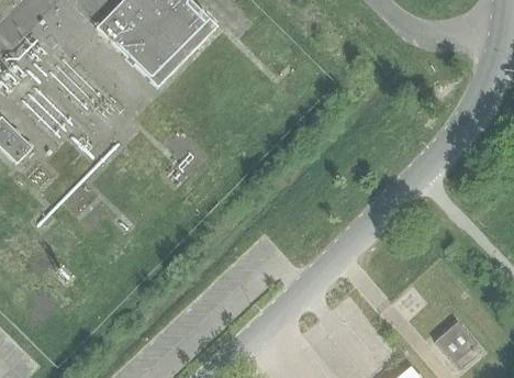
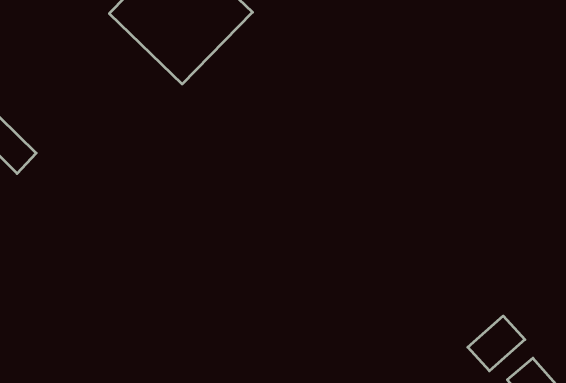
building: none -> [468,316,525,371]

